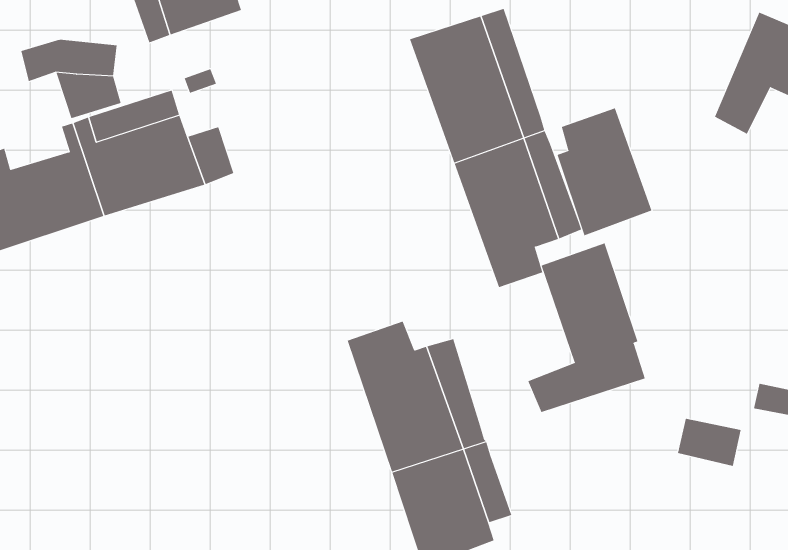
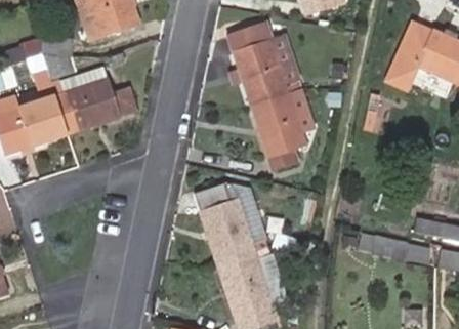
building: [557,107,652,236] -> none
building: [527,243,646,413] -> none

